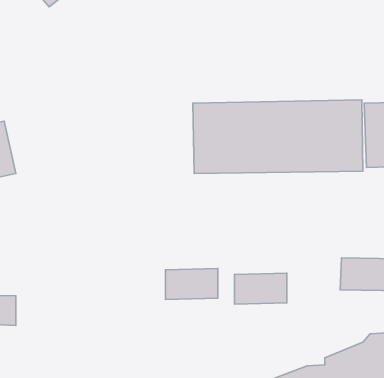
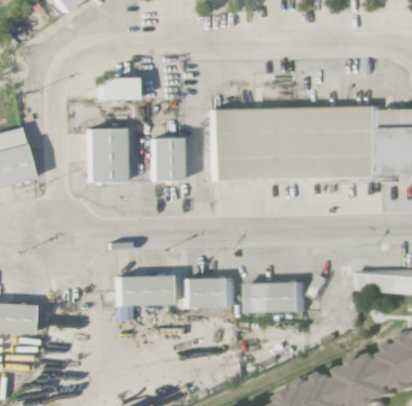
building: none -> [96,78,135,100]
building: none -> [85,127,123,183]
building: none -> [149,138,179,181]
building: none -> [114,275,167,305]

